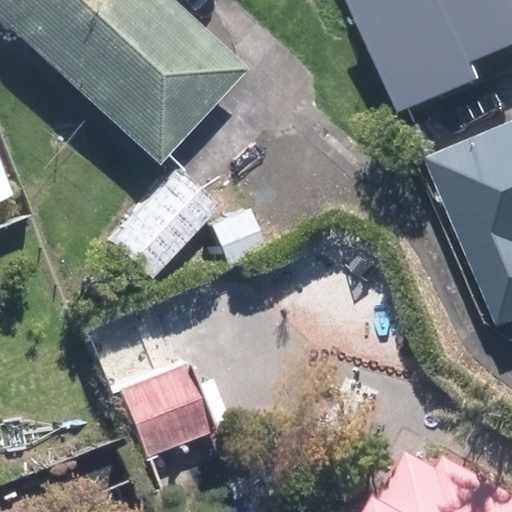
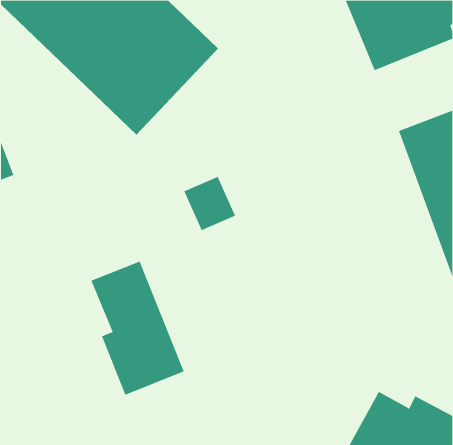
building: [105,168,218,282] -> none

